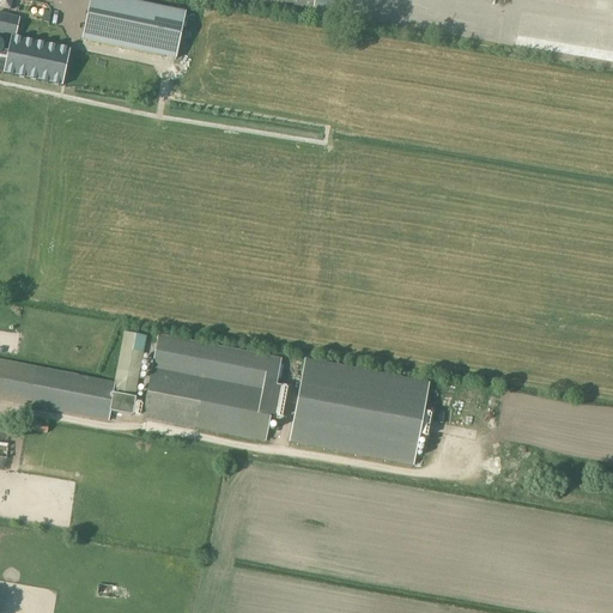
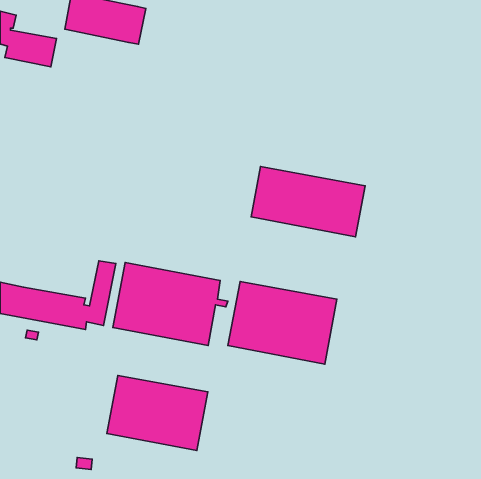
building: none -> [251,166,365,237]
building: none -> [107,375,208,451]

